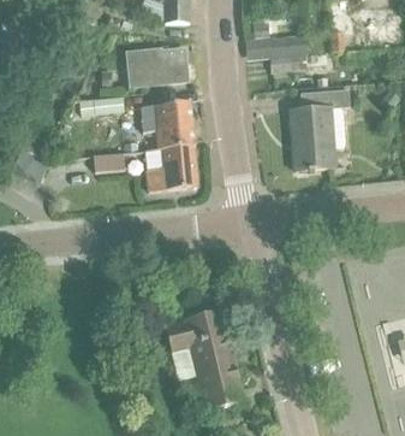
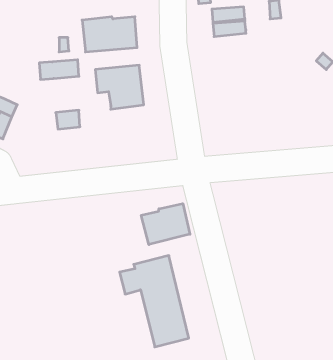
building: [288,89,347,170] -> none
building: [143,146,196,192] -> none
building: none -> [141,204,190,245]

